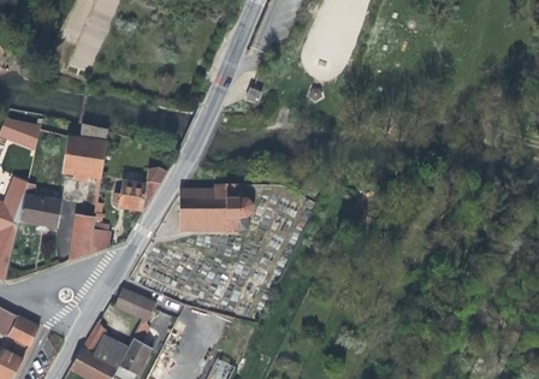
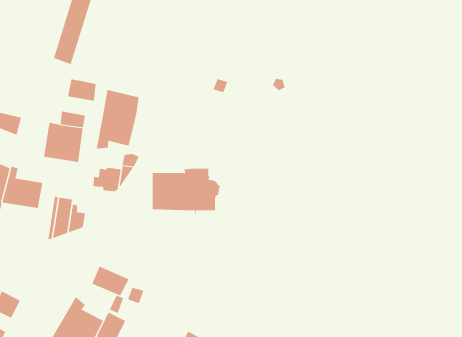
building: none -> [68,79,96,102]
building: none -> [96,89,139,149]

